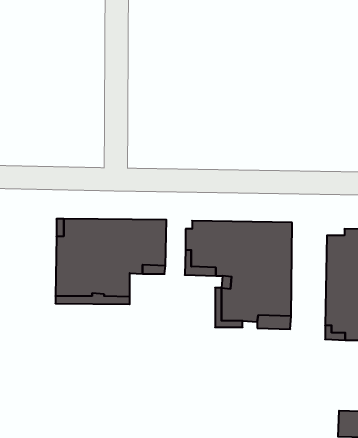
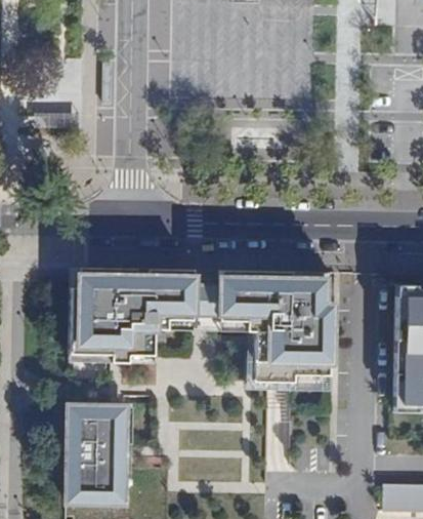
building: none -> [72,407,128,504]

